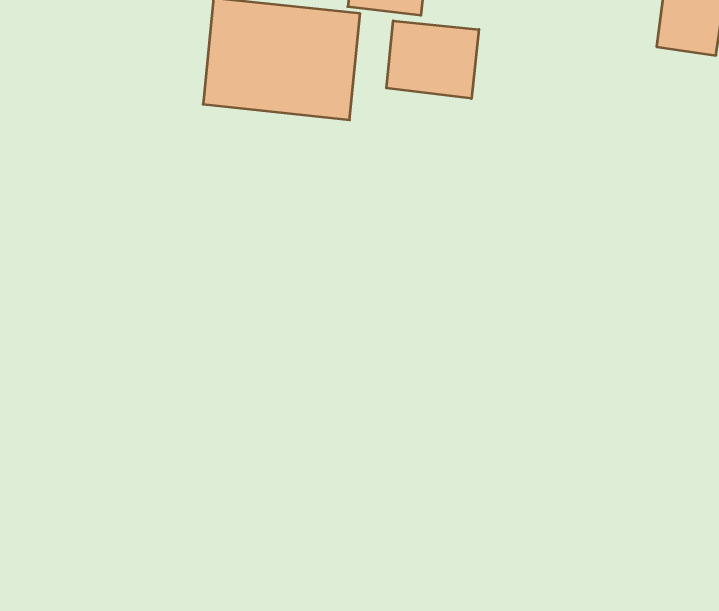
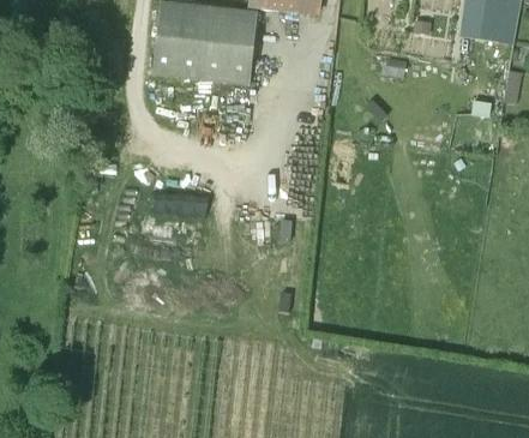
building: [386,21,479,99] -> none

